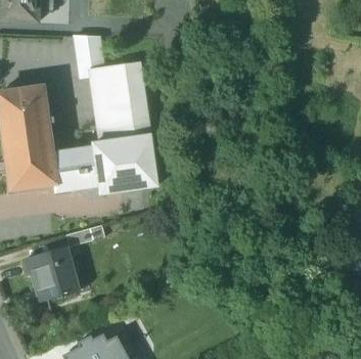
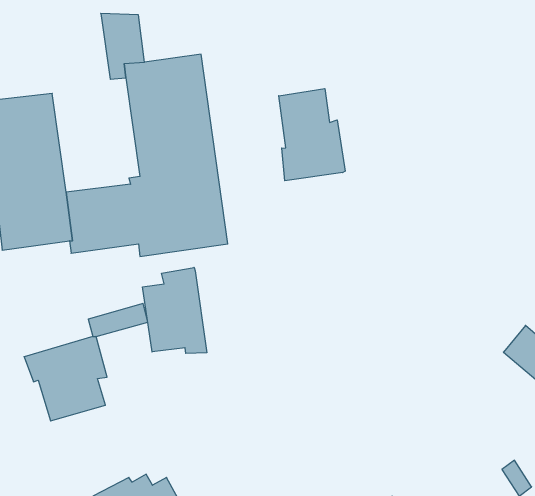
building: none -> [279,89,345,181]
building: none -> [143,267,207,353]

